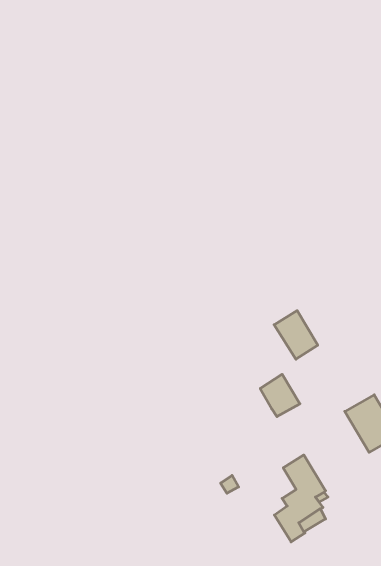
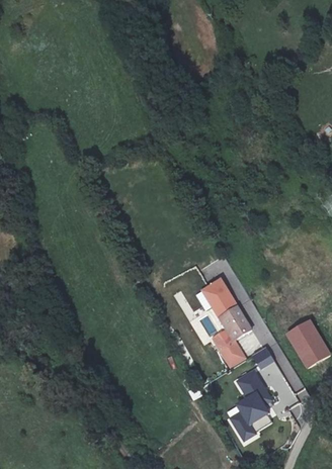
building: [274,311,318,359] -> [202,278,237,316]
building: none -> [215,333,243,365]

